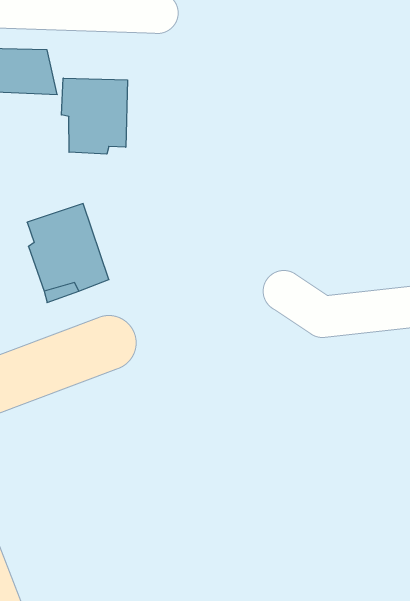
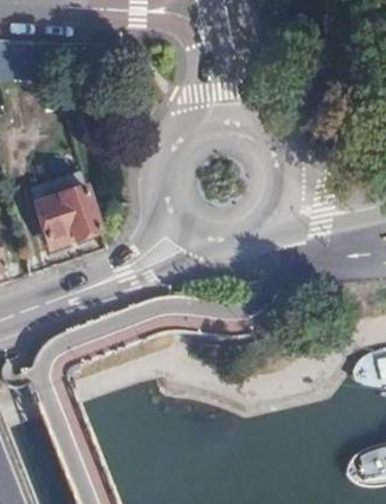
building: [61,78,127,154] -> none

